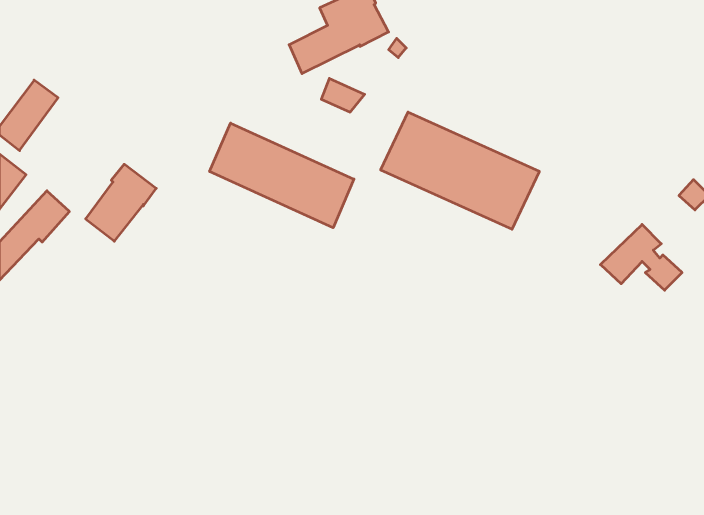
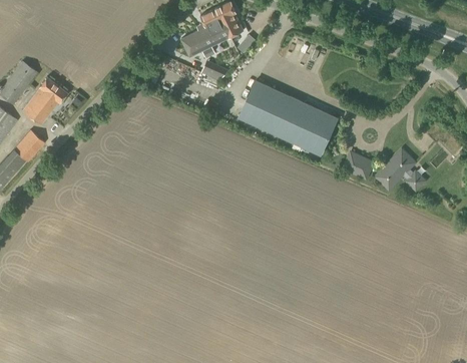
building: [210,123,354,228] -> none
building: [86,164,156,241] -> [22,77,66,125]
building: none -> [344,153,372,178]

